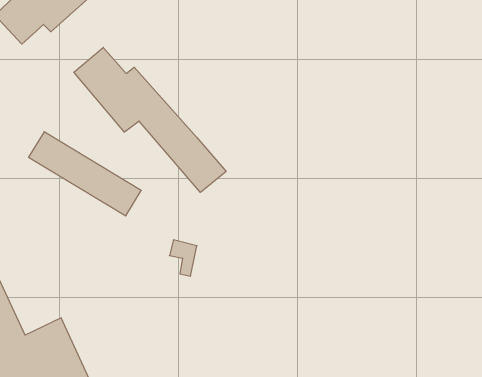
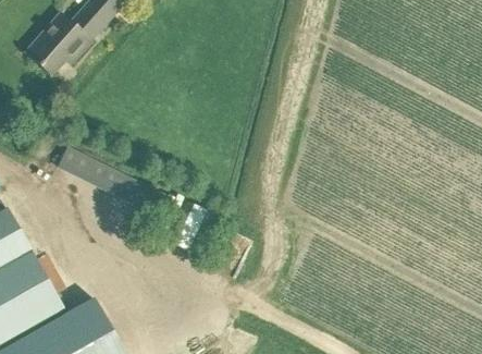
building: [74,47,226,192] -> none

